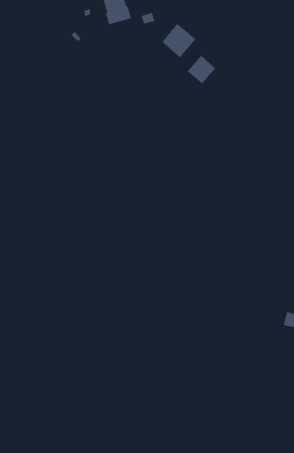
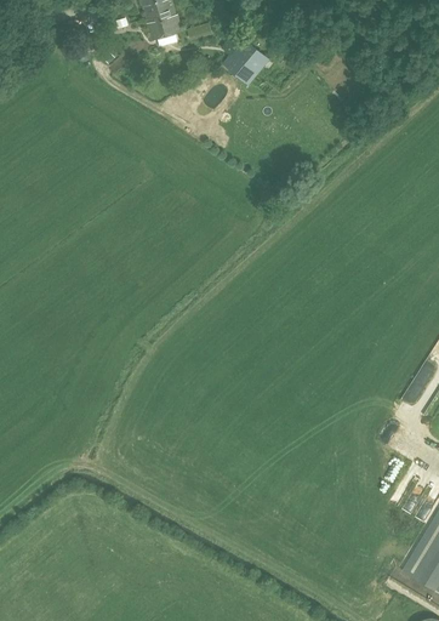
building: [187,55,216,84] -> none

